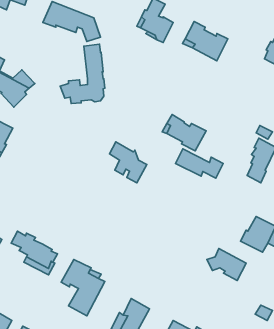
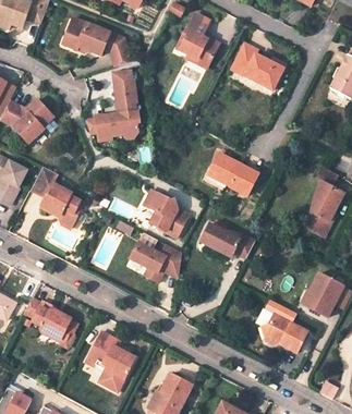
building: none -> [29,166,83,228]
building: [176,149,223,178] -> [199,223,256,258]
building: none -> [130,242,182,282]

